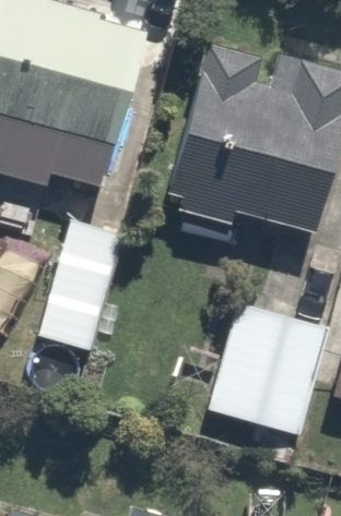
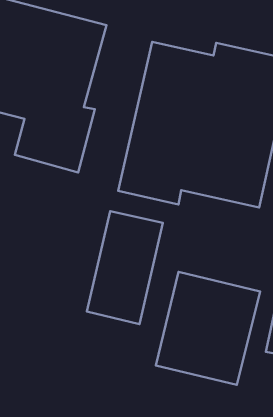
building: [40,226,126,352] -> [87,211,163,324]

